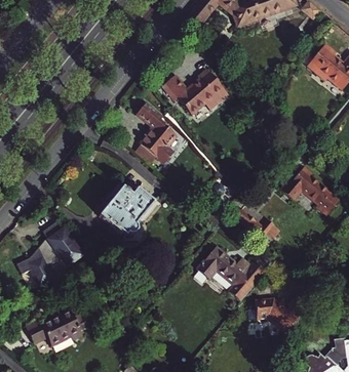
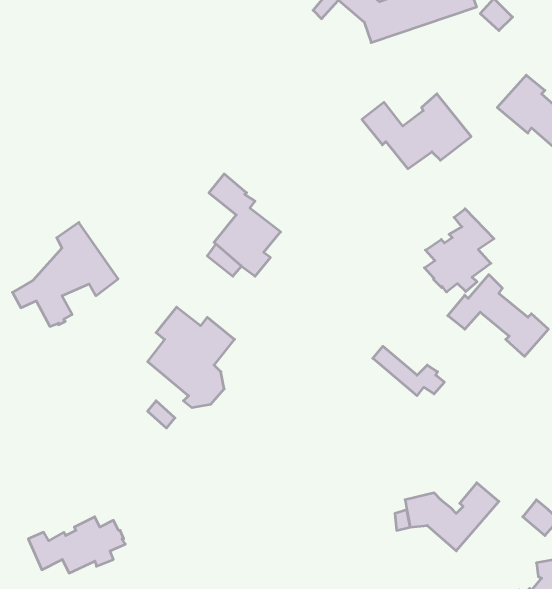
building: [163,74,229,119] -> [362,94,471,169]
building: none -> [424,209,494,292]
building: [17,223,81,286] -> [12,222,118,326]
building: [199,243,269,294] -> none

